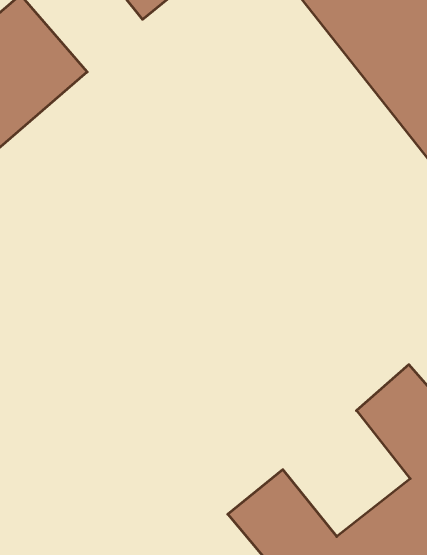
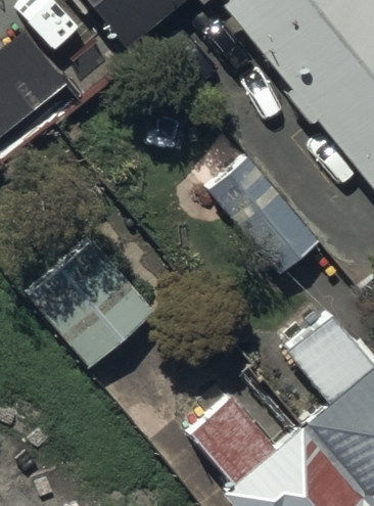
building: none -> [212,159,319,272]
building: none -> [32,243,153,365]

